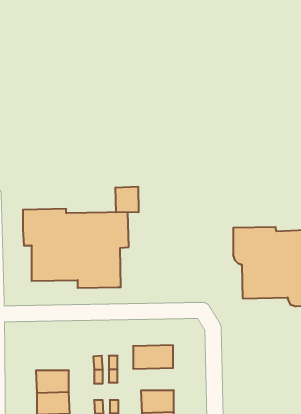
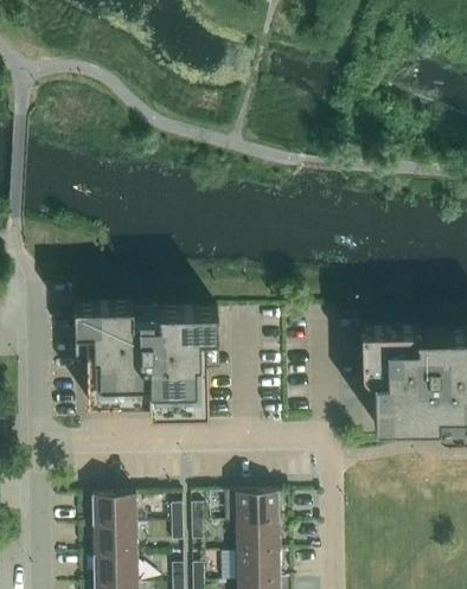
building: [116,187,139,212] -> none
building: none -> [91,493,136,524]
building: none -> [224,520,280,551]

